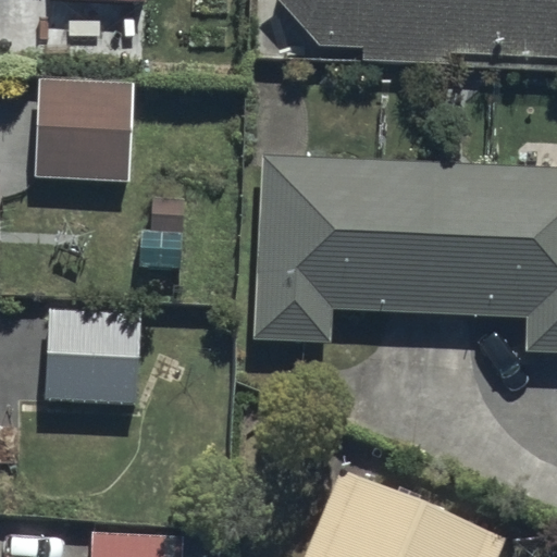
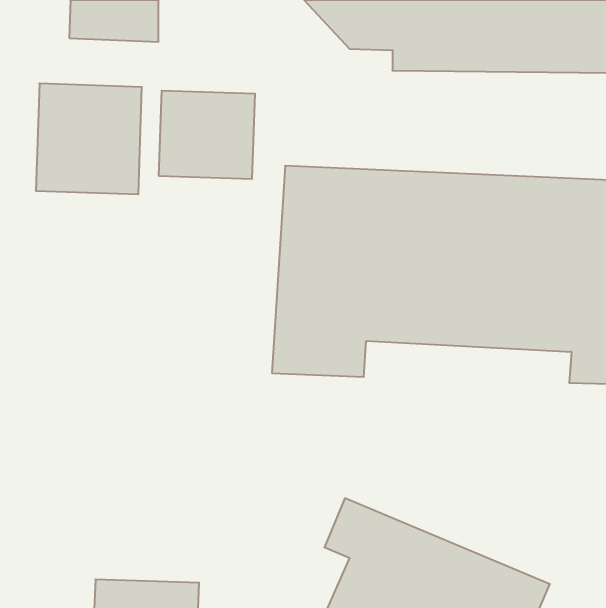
building: none -> [159,91,255,179]
building: [45,307,143,404] -> none

